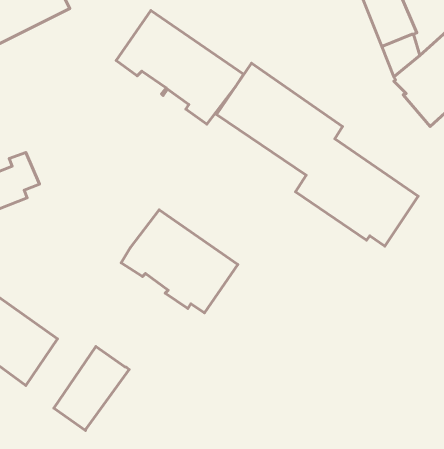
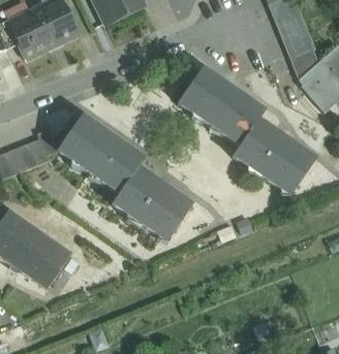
building: [116,11,243,124] -> [57,116,144,193]
building: [54,347,129,430] -> none

